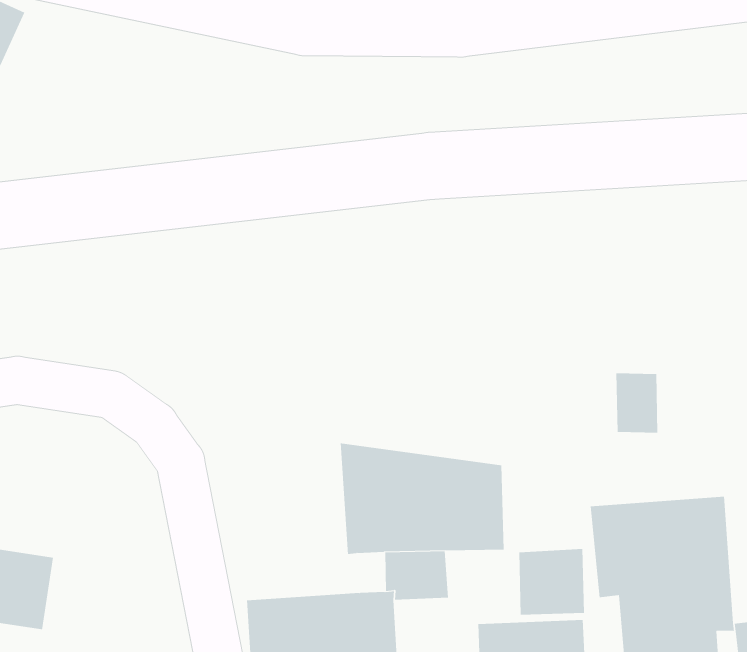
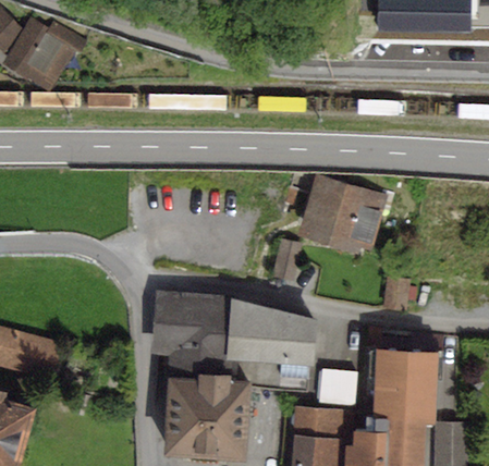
building: none -> [296,172,388,254]
building: none -> [271,237,302,281]
building: none -> [151,293,231,380]

